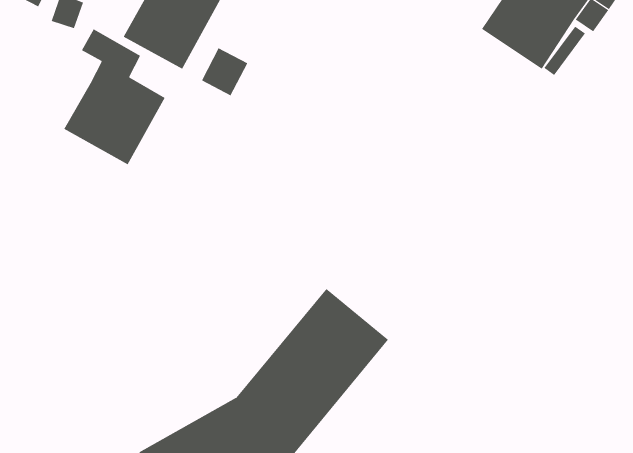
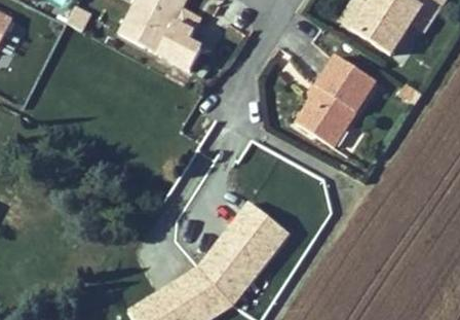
building: [64,29,165,165] -> none
building: none -> [295,58,374,150]

